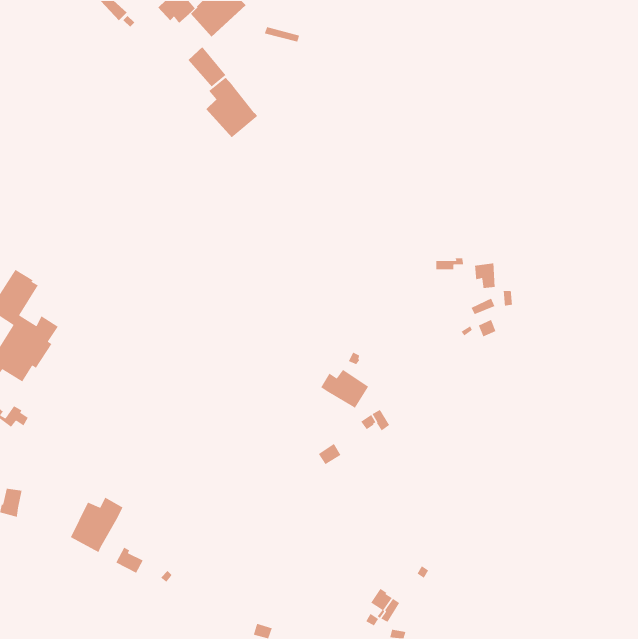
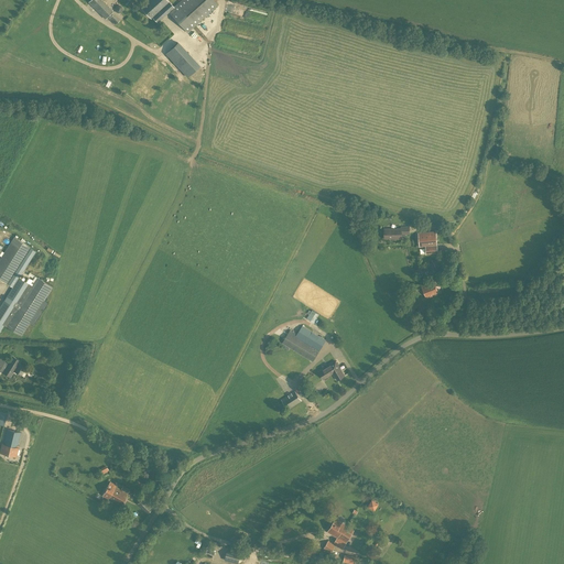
building: [205,77,258,138] -> none
building: [70,497,124,553] -> none

